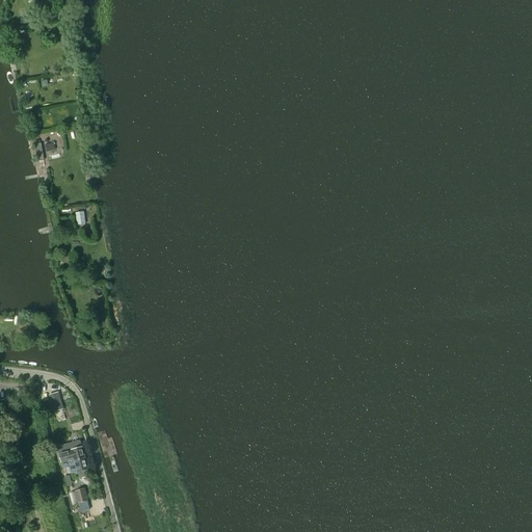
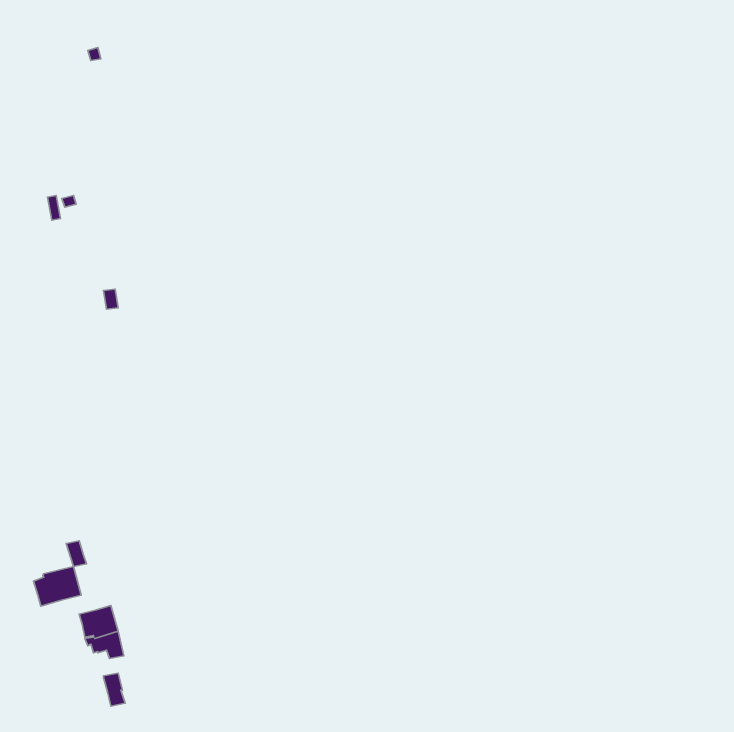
building: none -> [33,567,81,606]

